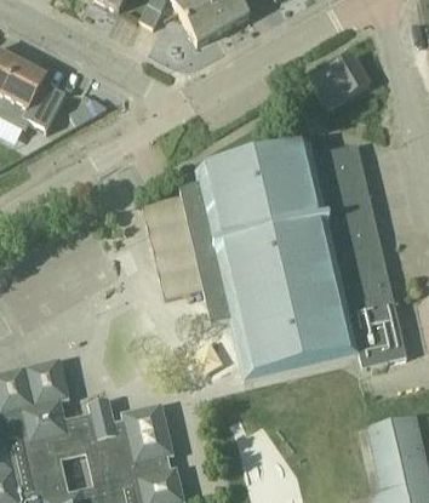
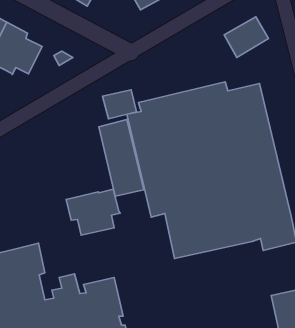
building: none -> [103,90,136,119]
building: none -> [66,189,120,235]

